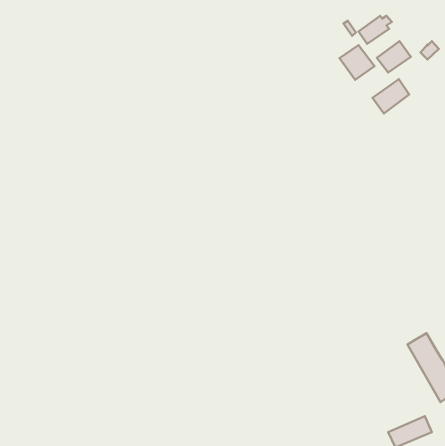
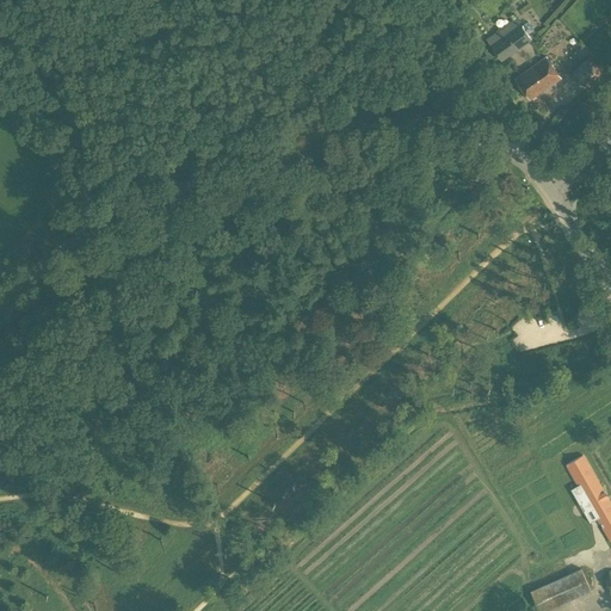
building: [340,45,374,80] -> none
building: [373,79,409,113] -> none

